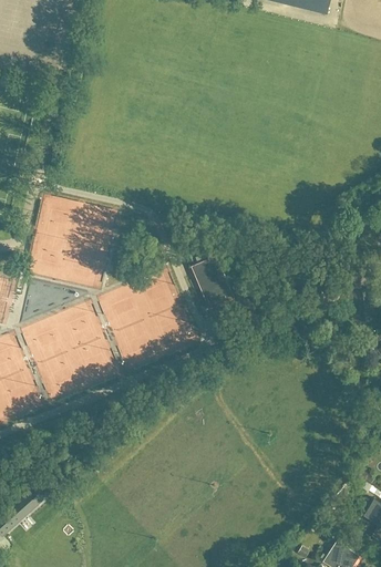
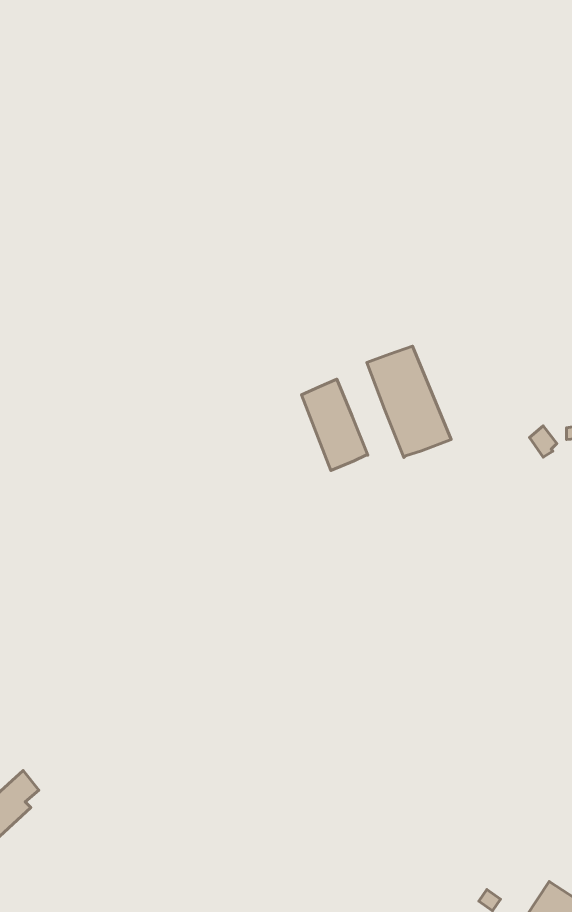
building: none -> [367,346,451,457]

